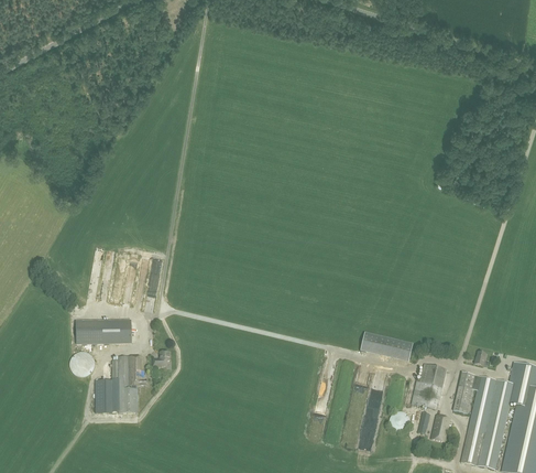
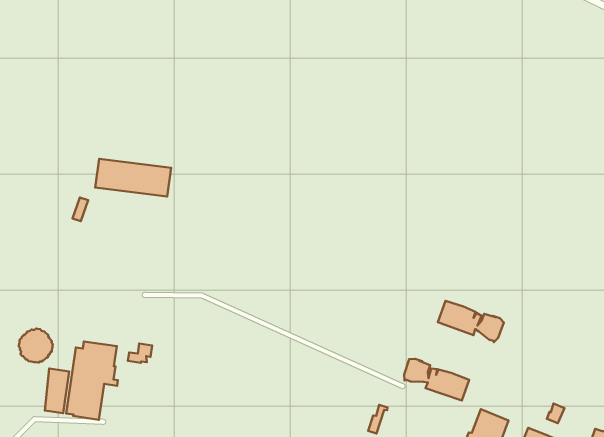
building: none -> [438,301,504,342]
building: [76,320,131,343] -> [95,159,171,196]

